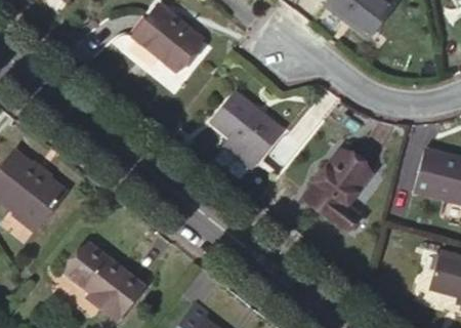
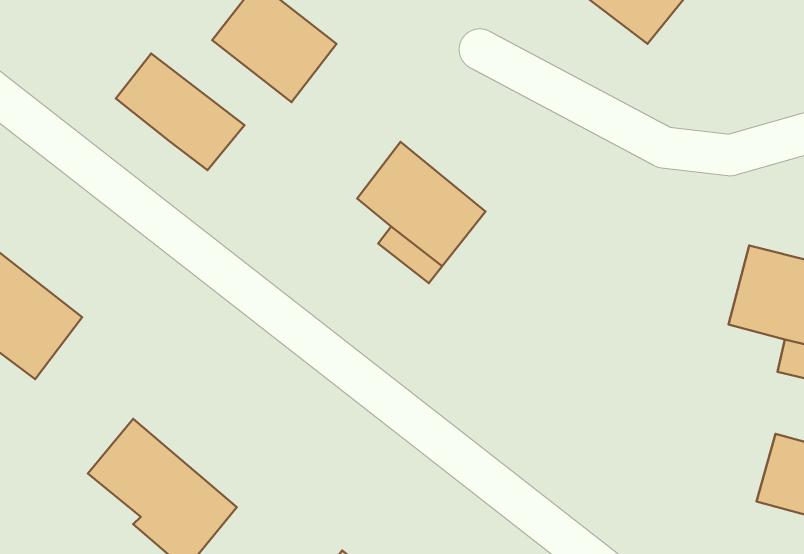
building: none -> [116,54,245,170]
building: [302,151,370,230] -> none

